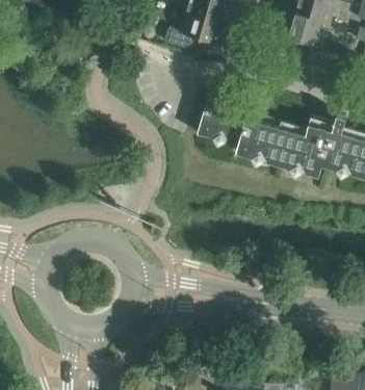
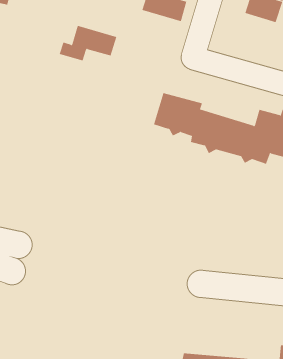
building: [166,11,229,50] -> [59,25,117,61]
building: [290,15,331,48] -> none

